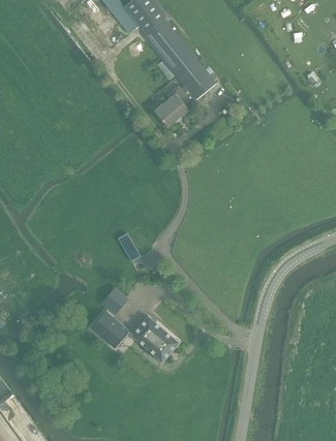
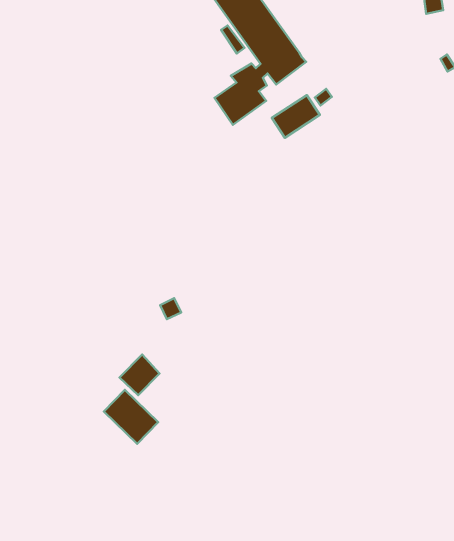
building: none -> [272,95,320,138]
building: [131,316,178,361] -> none

